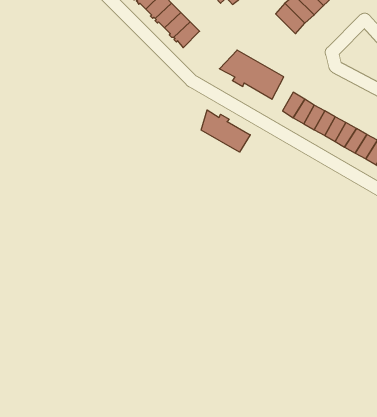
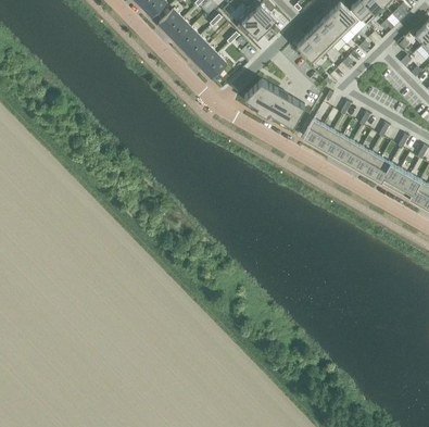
building: [201,110,250,152] -> none

